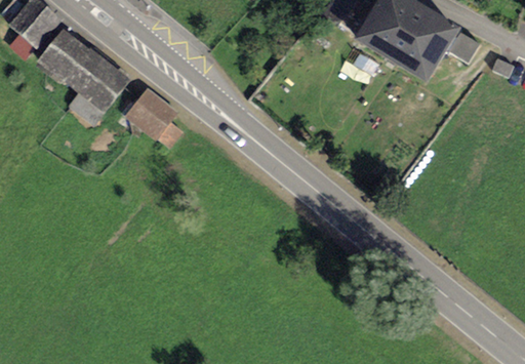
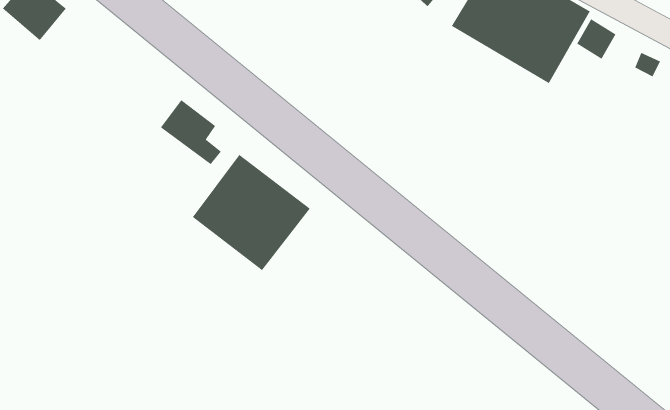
building: [41,33,125,121] -> none
building: none -> [192,154,311,271]

